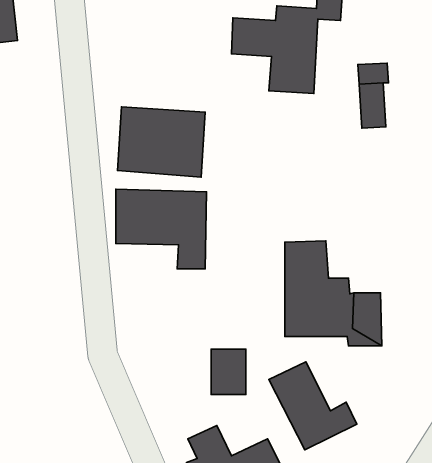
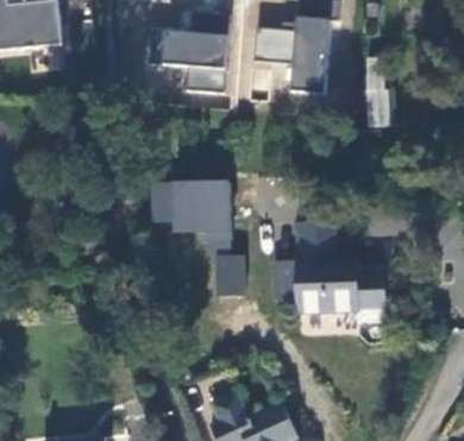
building: [118,107,205,177] -> [148,29,226,92]
building: [211,349,246,394] -> [214,254,245,295]
building: [269,362,357,450] -> none

